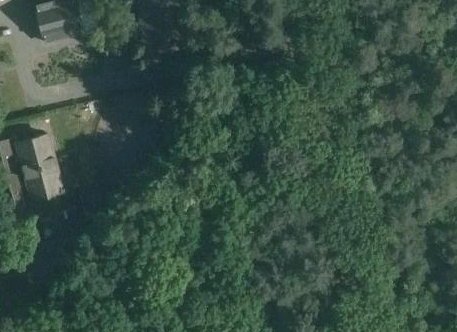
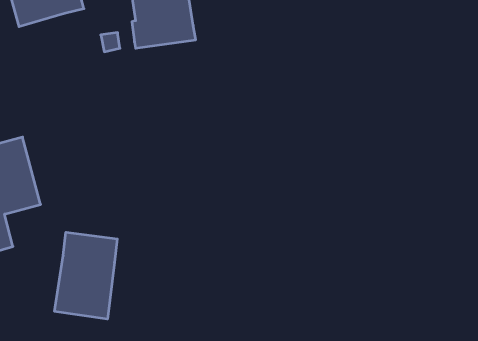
building: none -> [55,232,117,319]

